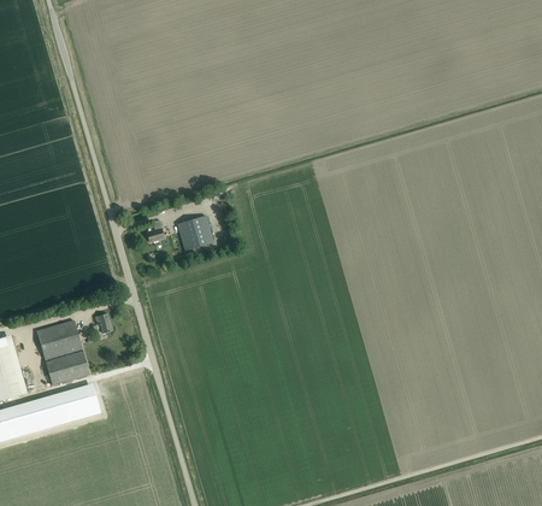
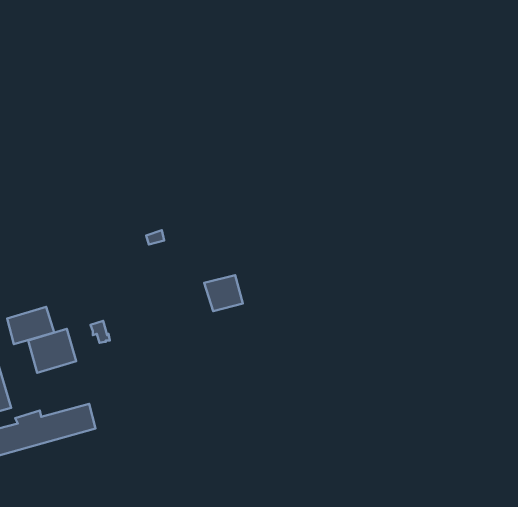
building: [177,216,213,249] -> [204,275,243,311]
building: [46,349,89,384] -> [7,307,54,344]

